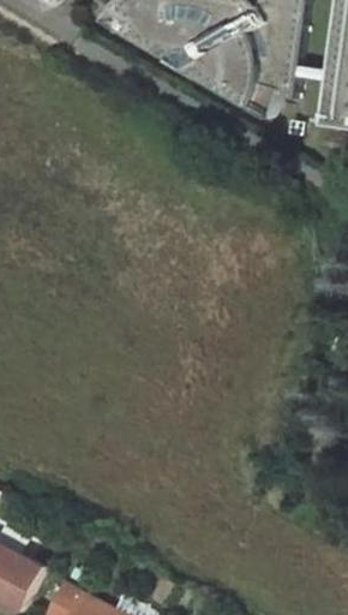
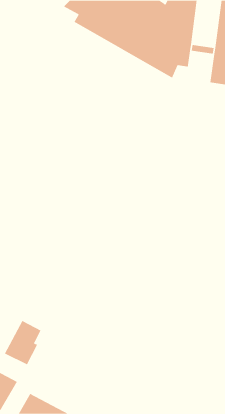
building: none -> [4,320,41,365]

